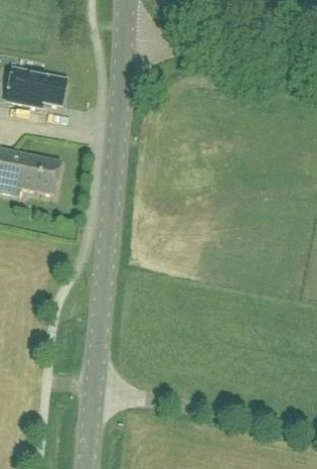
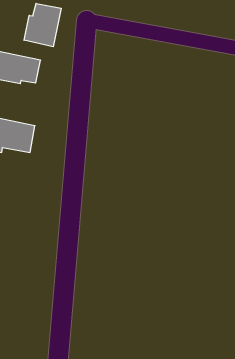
building: none -> [24,3,61,47]

